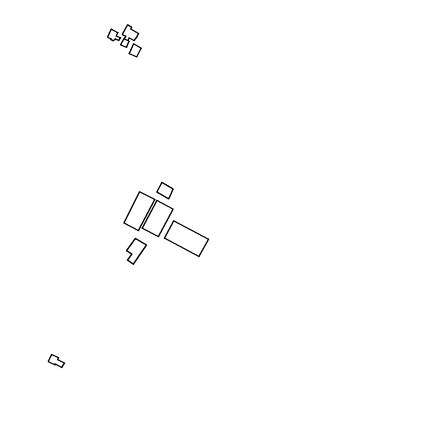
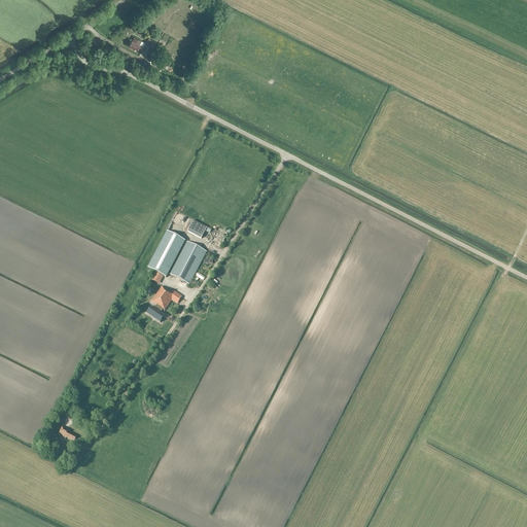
building: [164,221,208,257] -> none

